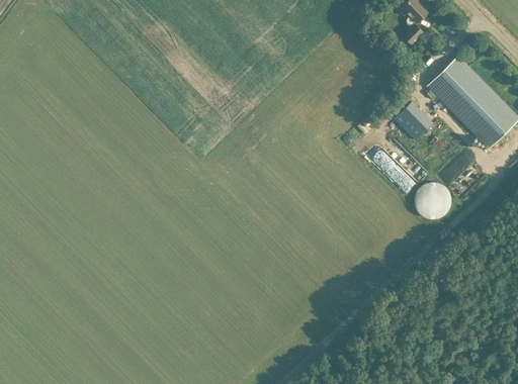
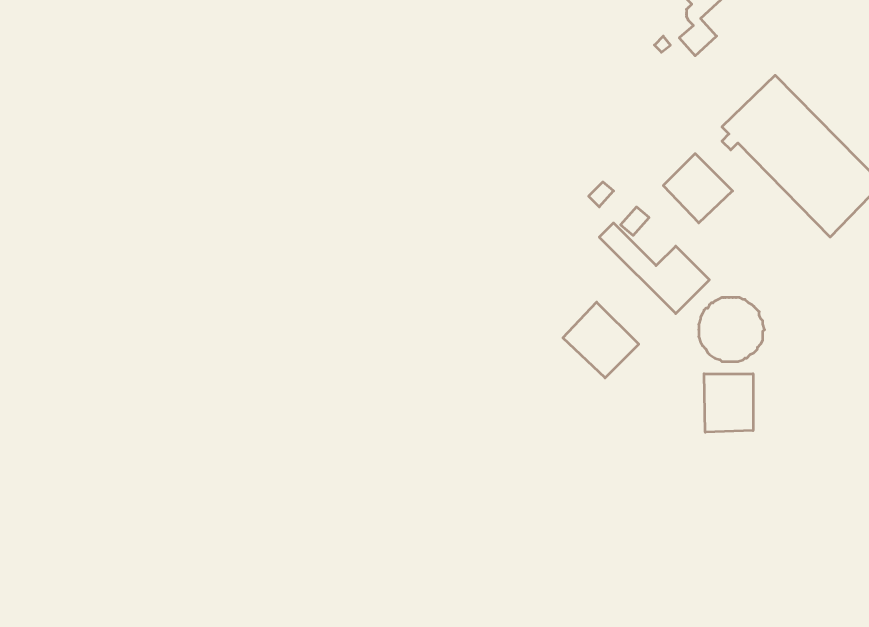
building: none -> [563,302,639,378]
building: none -> [704,374,753,432]

